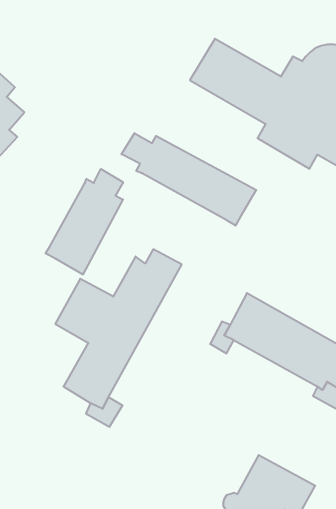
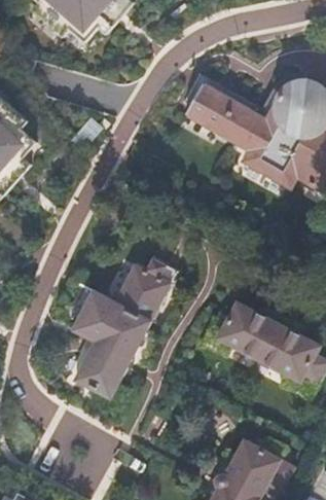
building: [121,133,256,226] -> none
building: [46,169,123,275] -> none

